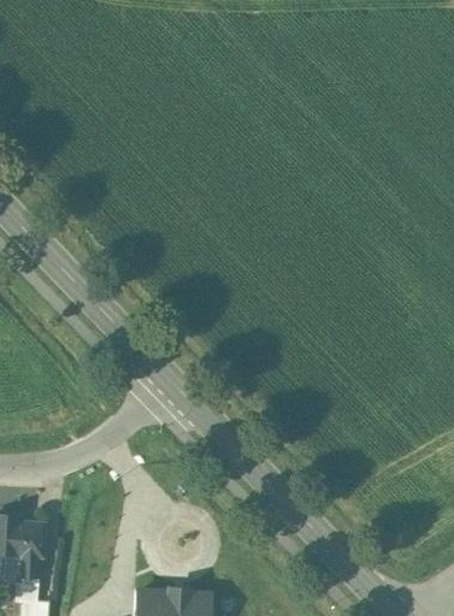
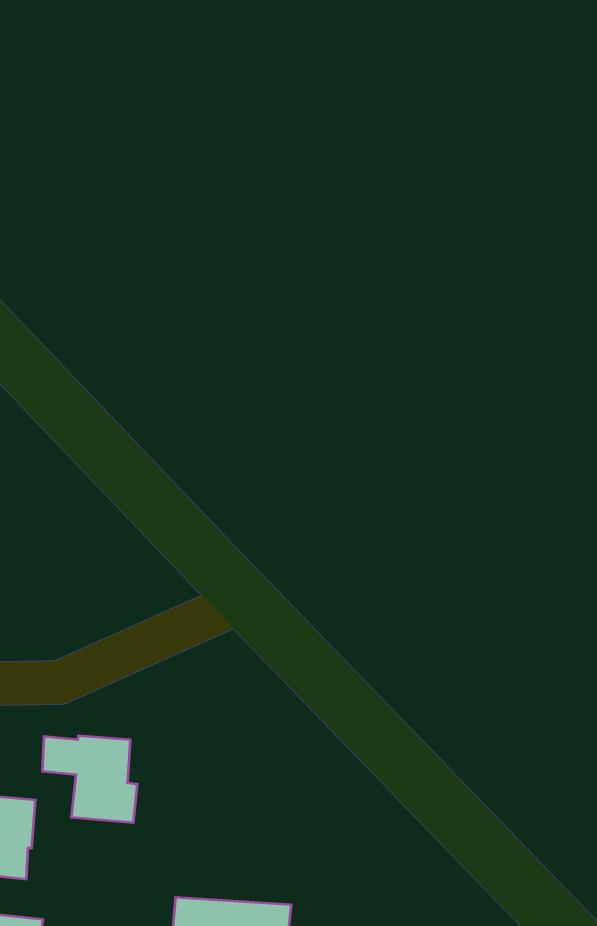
building: none -> [43,736,137,823]

